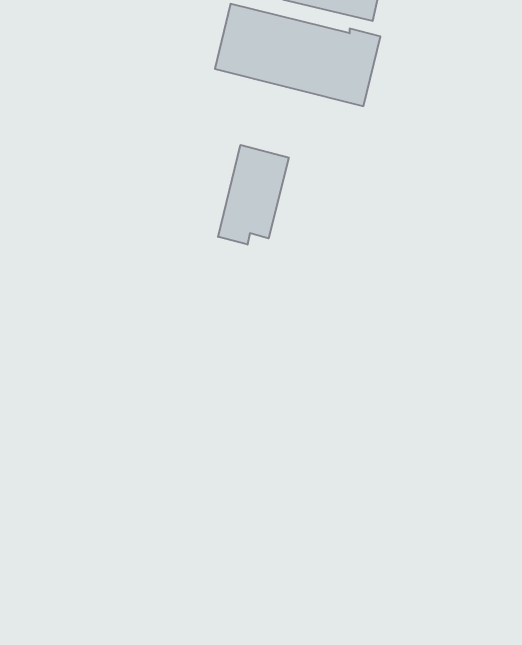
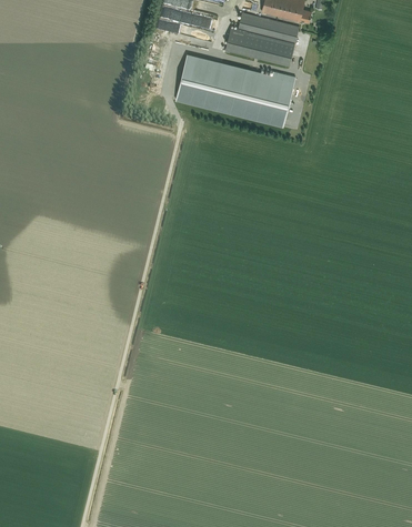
building: [218,145,289,245] -> none

